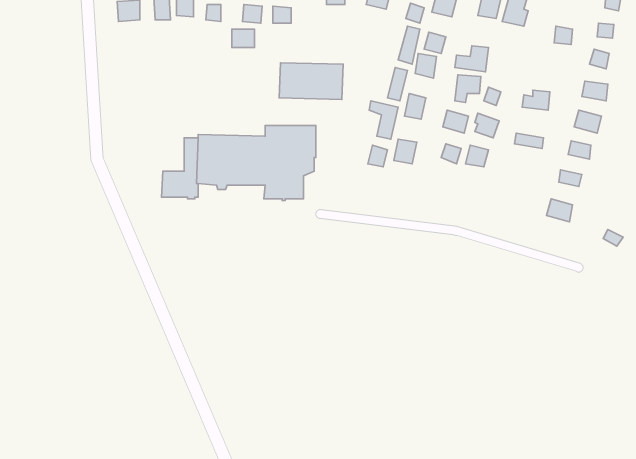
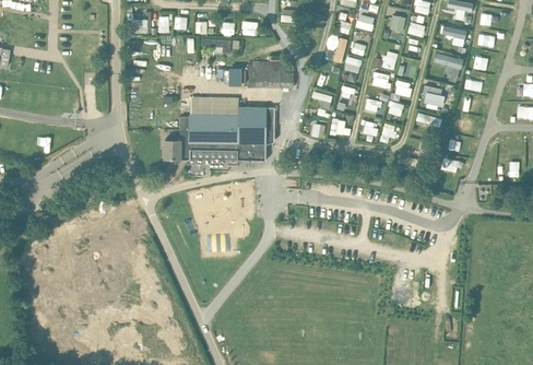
building: none -> [433,52,463,82]

